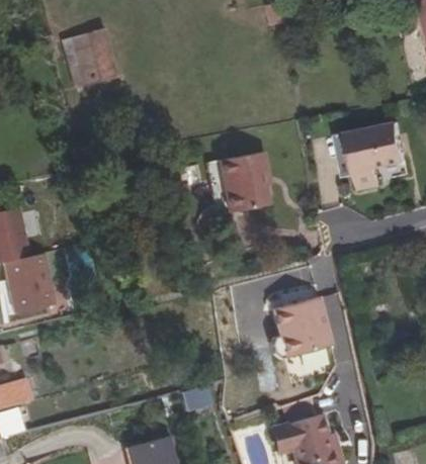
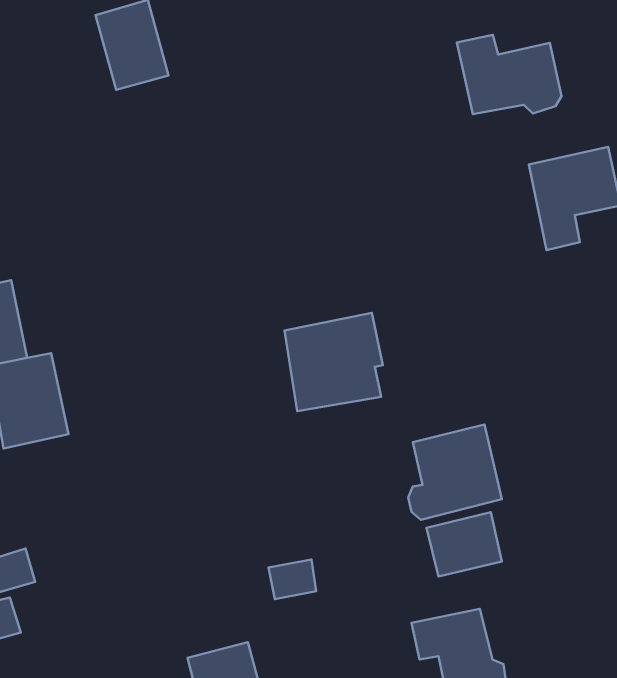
building: none -> [457,35,561,114]
building: [207,153,270,215] -> [284,313,383,411]
building: none -> [427,512,502,577]

